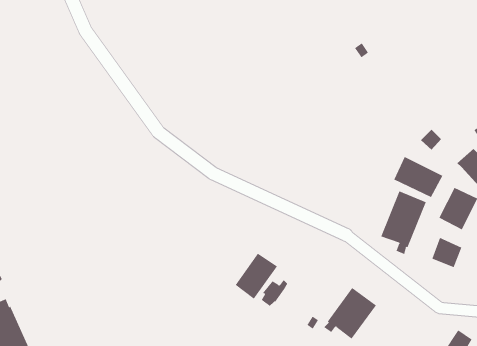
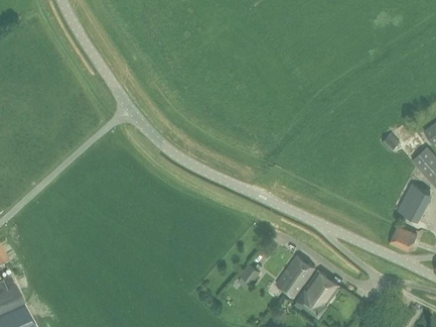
building: [394,156,443,198] -> none
building: [381,191,426,255] -> none
building: [235,253,278,300] -> [276,255,314,297]

